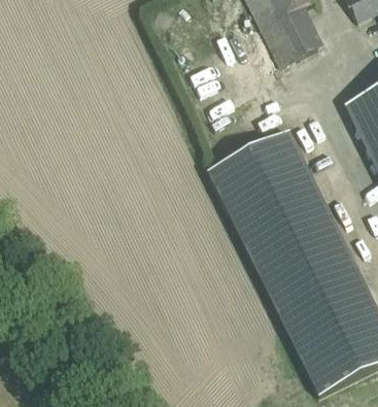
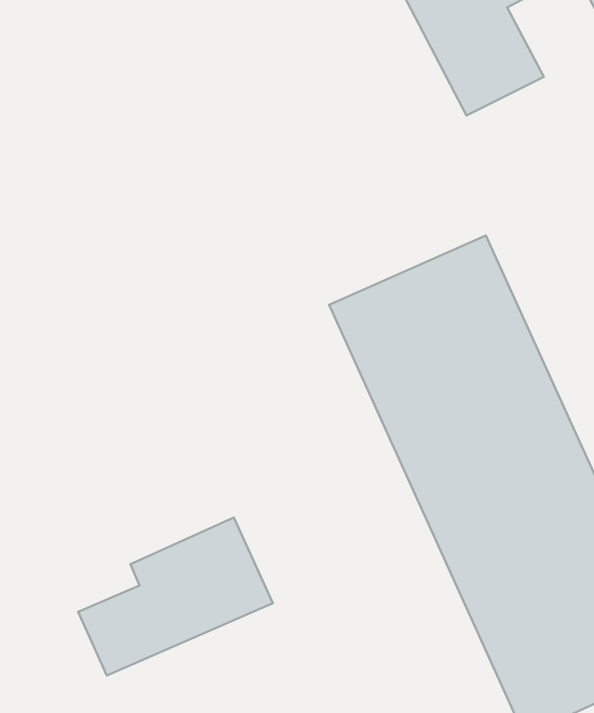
building: none -> [78,517,273,675]

